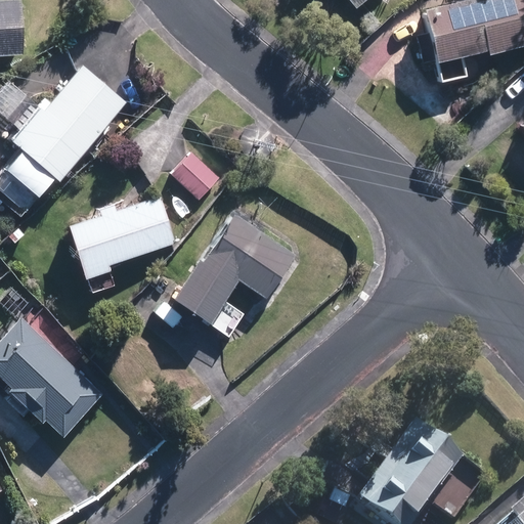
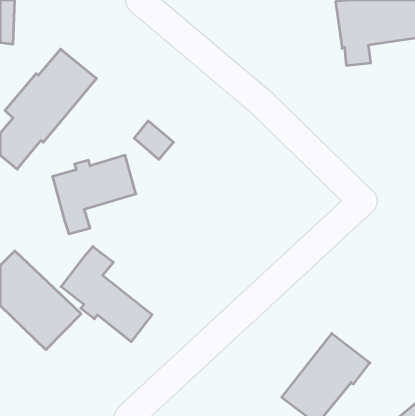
building: [172,212,295,339] -> none
building: none -> [61,246,152,342]

